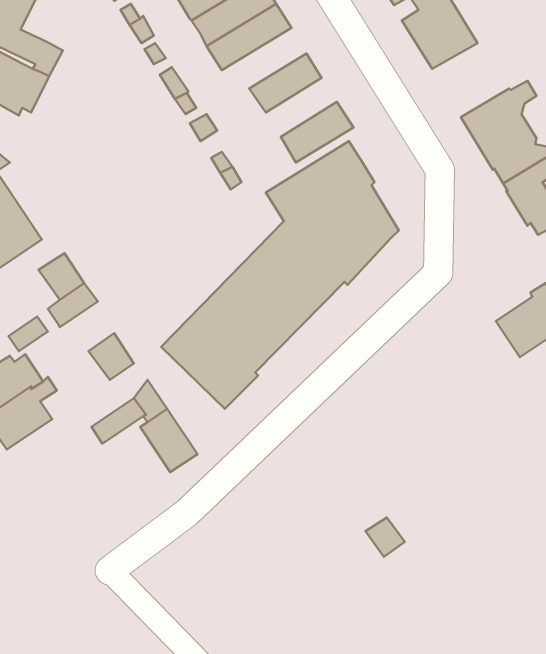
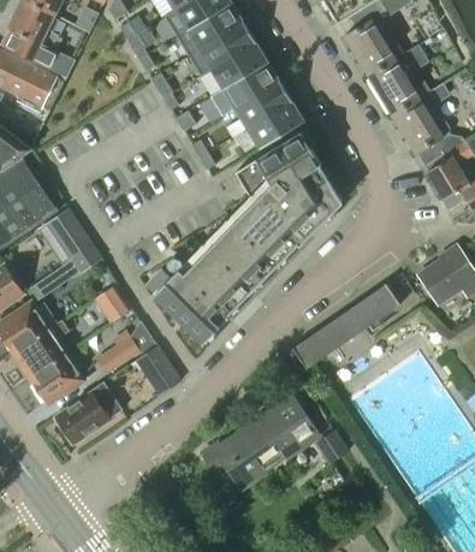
building: none -> [200,42,267,90]
building: none -> [367,46,428,113]
building: none -> [234,82,291,129]
building: none -> [291,284,404,369]
building: none -> [29,354,83,404]
building: none -> [55,382,121,444]
building: none -> [202,398,316,487]

